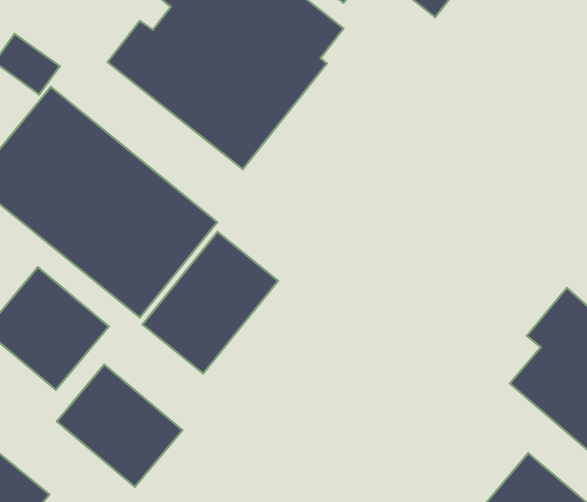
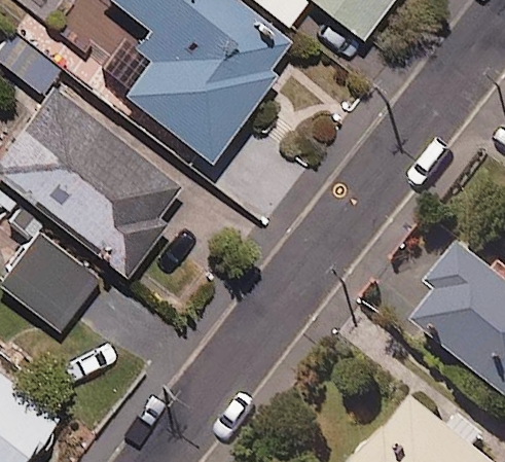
building: [143,232,278,374] -> none
building: [57,365,183,487] -> none

